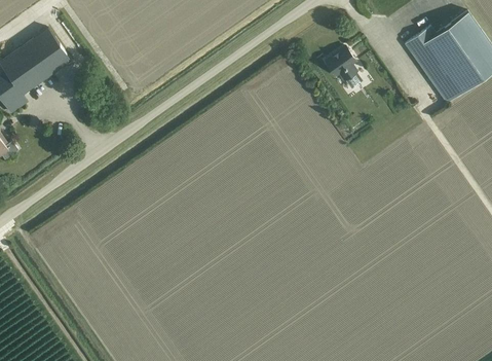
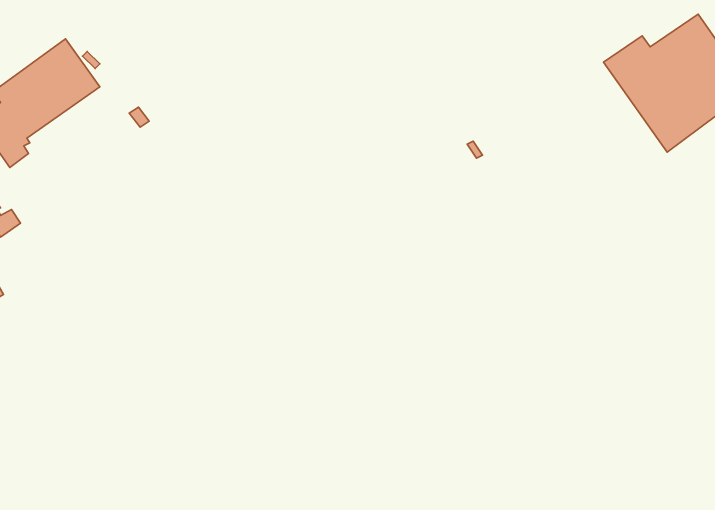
building: [326,47,356,81] -> none

